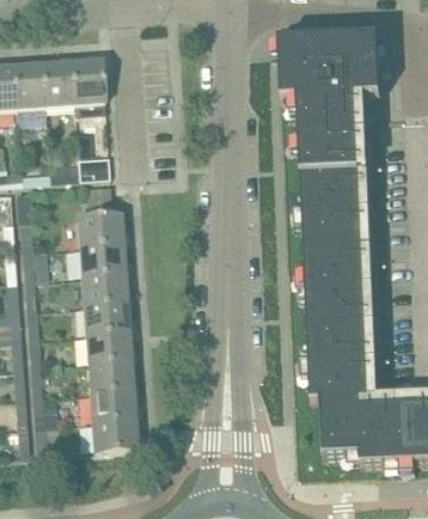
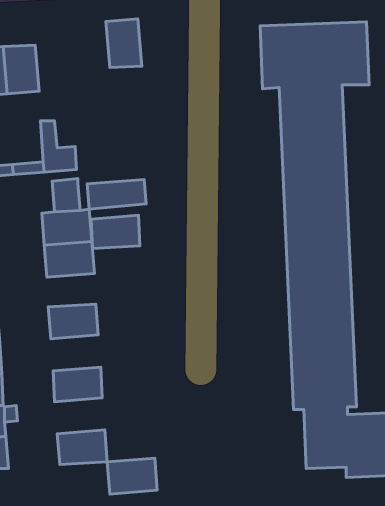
building: [72,56,105,102] -> [106,19,142,68]
building: none -> [87,179,146,209]
building: [82,271,128,303] -> [91,215,140,249]
building: [86,329,133,362] -> none
building: [90,387,136,421] -> [107,458,157,494]

